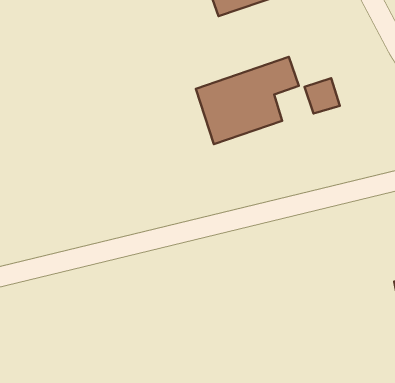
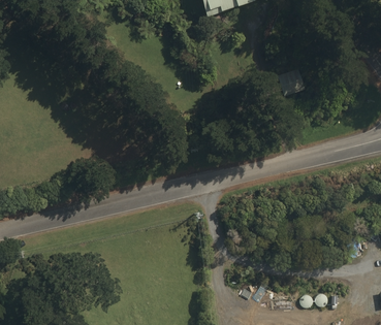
building: [196,57,299,144] -> none

